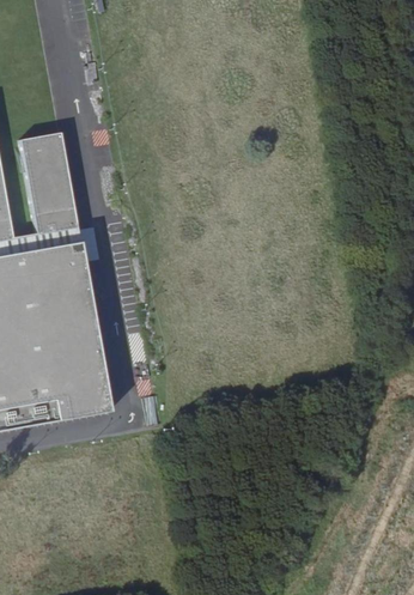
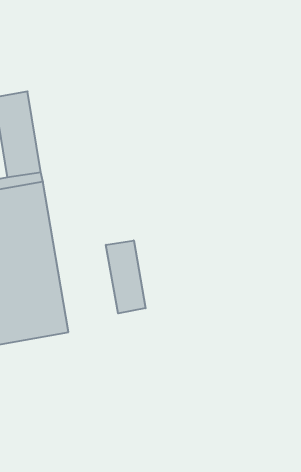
building: none -> [106,240,146,313]

